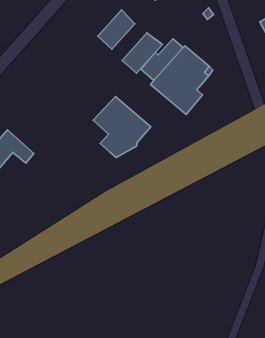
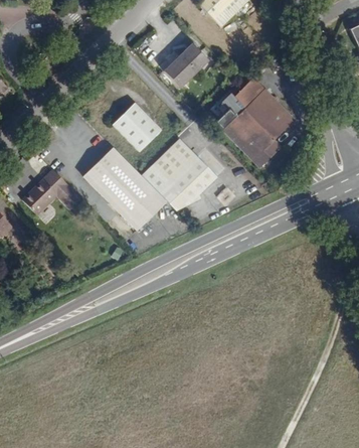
building: [122,33,162,73] -> none
building: none -> [112,102,160,150]
building: none -> [84,147,167,230]

